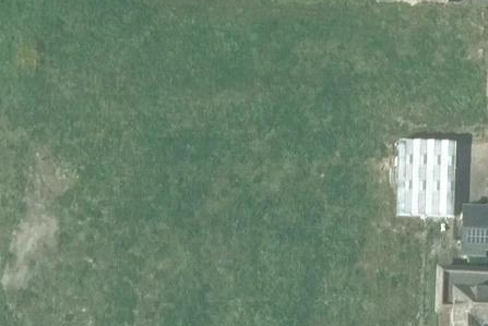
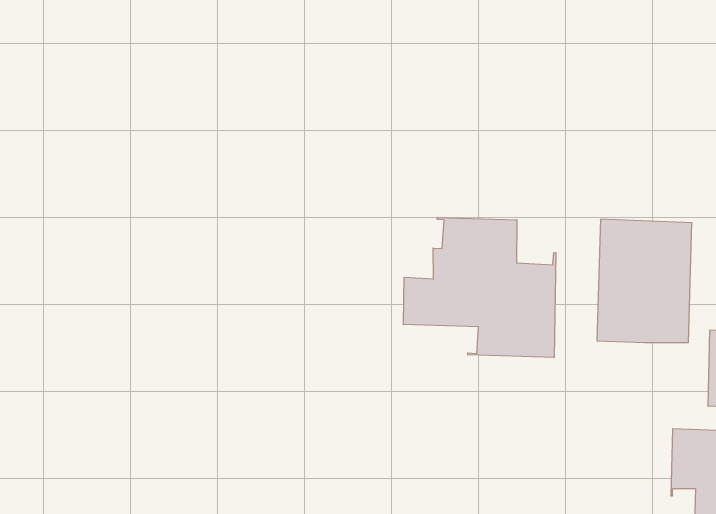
building: none -> [403,217,556,358]

